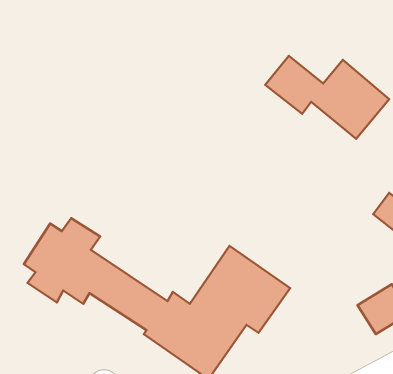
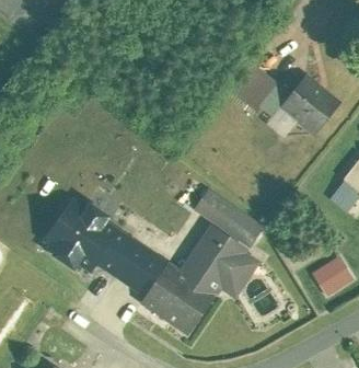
building: none -> [193,185,270,251]

